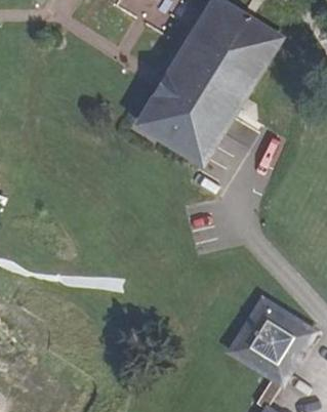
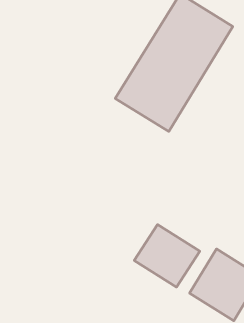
building: none -> [134,225,200,287]

